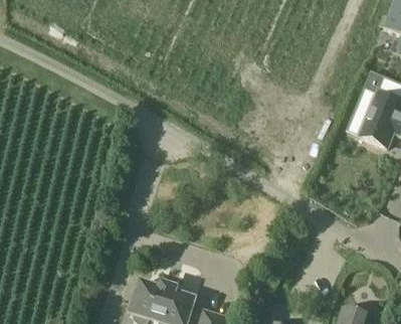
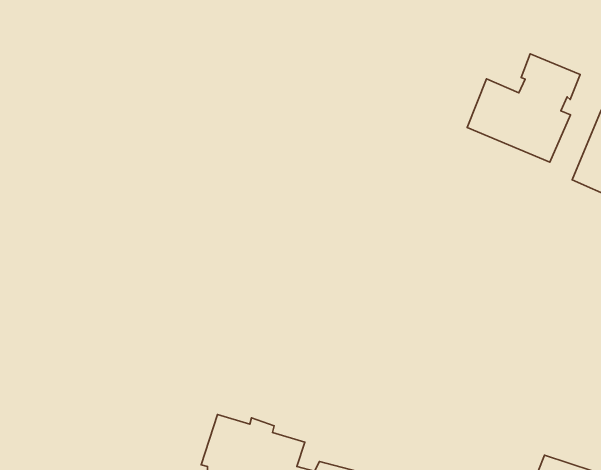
building: none -> [467,54,580,162]

